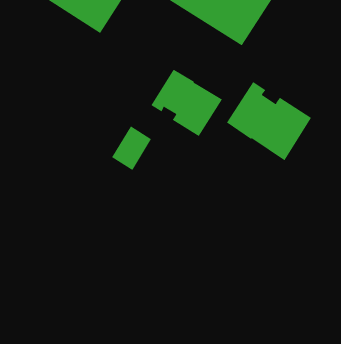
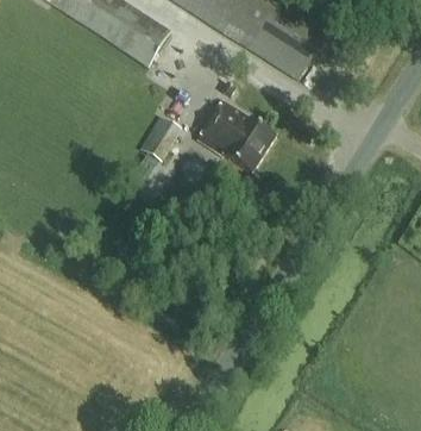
building: [226,81,312,161] -> none
building: [111,125,152,171] -> [138,113,181,161]

